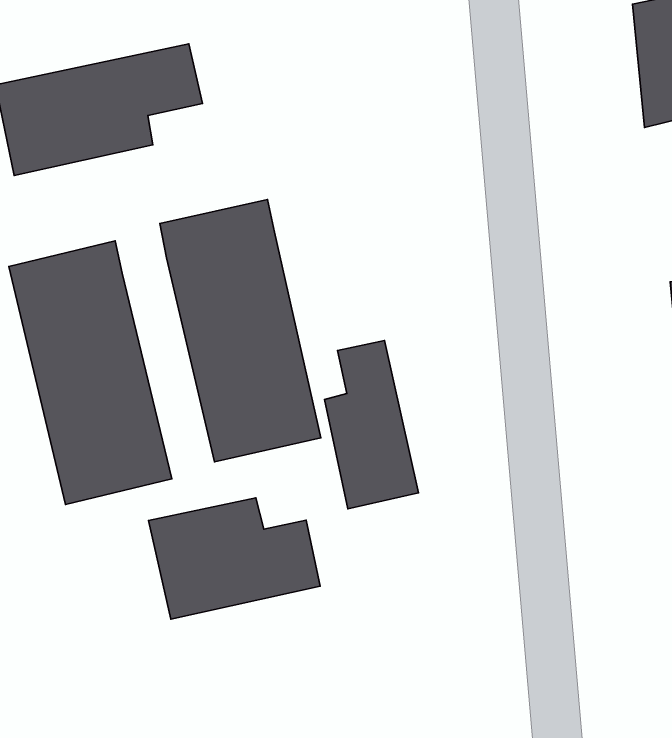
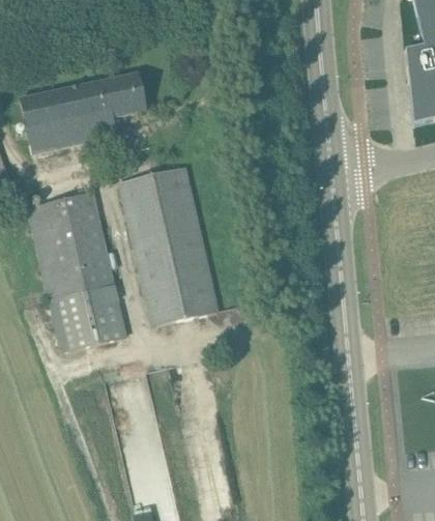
building: [324,341,418,509] -> none
building: [148,498,320,619] -> none

